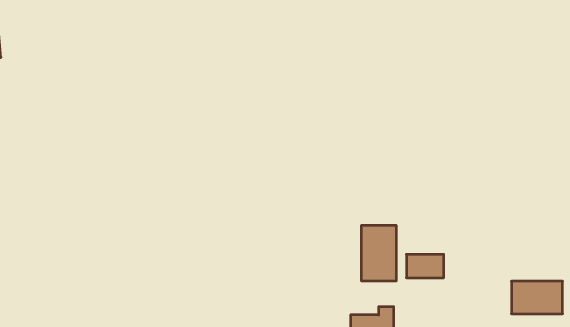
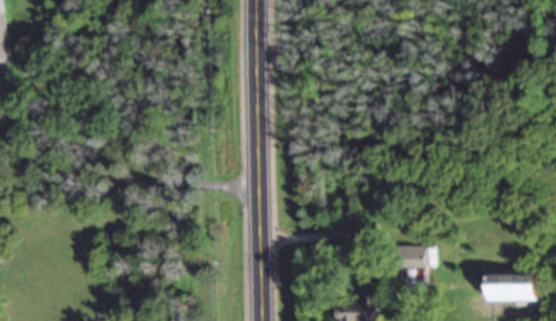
building: [362,225,396,281] -> none

